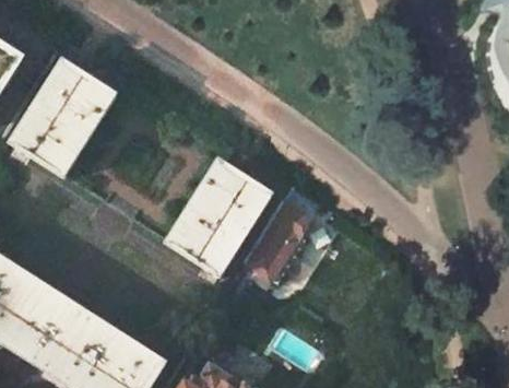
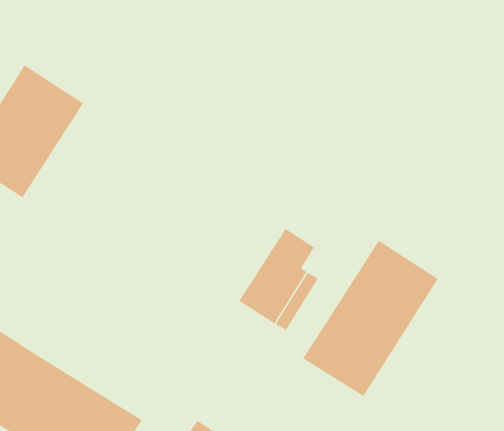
building: [167,160,270,273] -> none
building: none -> [302,240,439,397]

